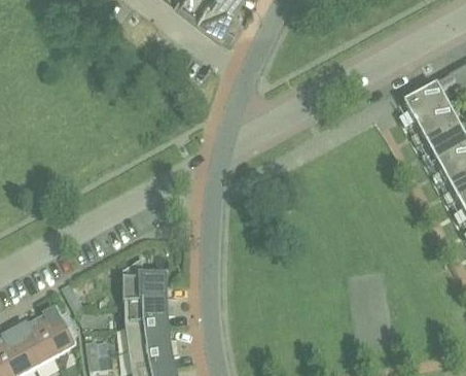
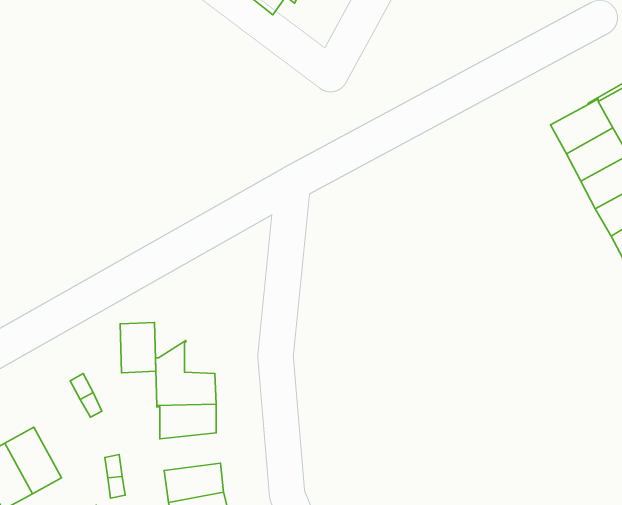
building: none -> [120,322,156,373]
building: [37,308,77,355] -> none
building: [127,323,170,350] -> none

